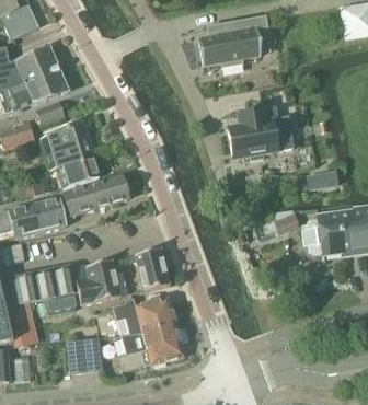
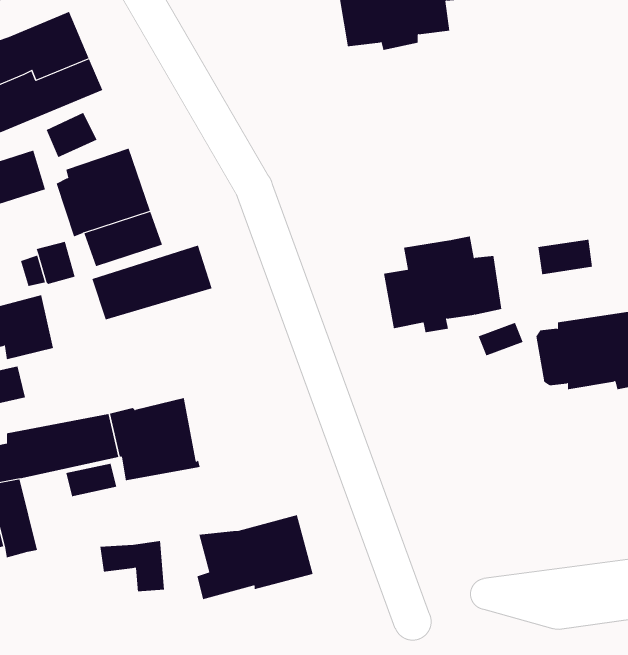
building: [228,105,294,159] -> [383,236,502,333]
building: [34,195,66,230] -> none
building: [136,246,170,288] -> none
building: [114,294,175,333] -> none

